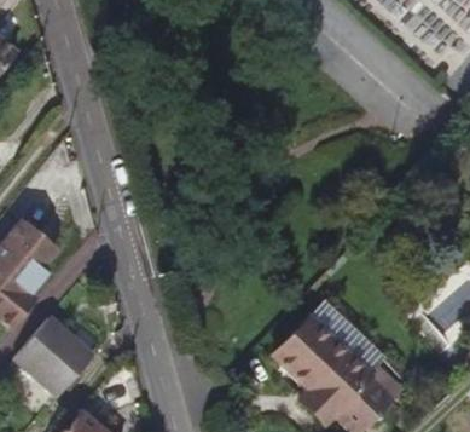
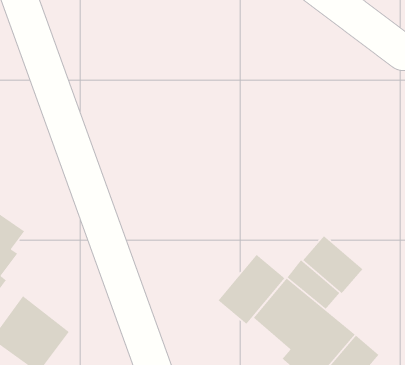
building: none -> [302,235,363,294]
building: none -> [217,254,286,325]

